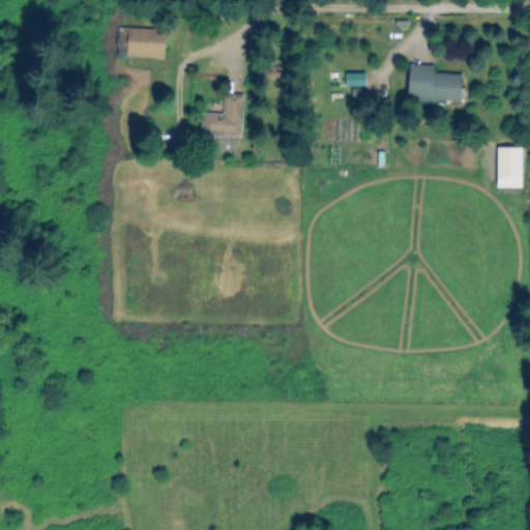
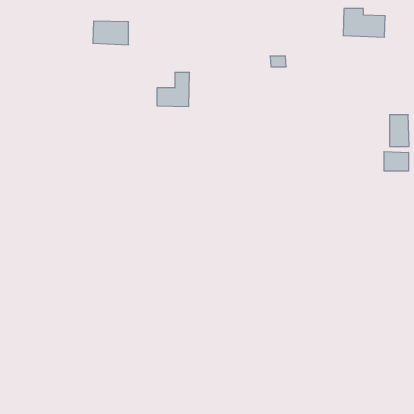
building: [409,65,463,101] -> [343,9,385,37]
building: none -> [384,152,409,171]

